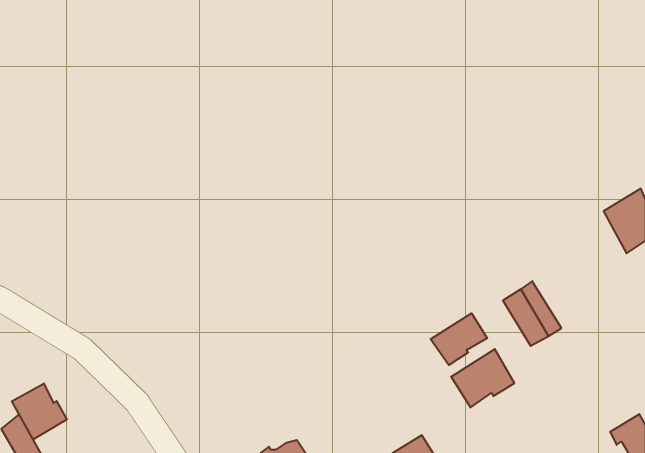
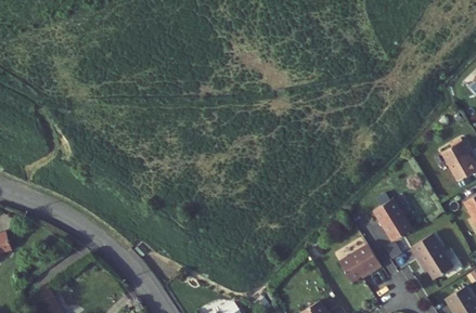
building: [431,313,487,365] -> none
building: none -> [412,233,455,278]
building: [12,383,67,440] -> none

